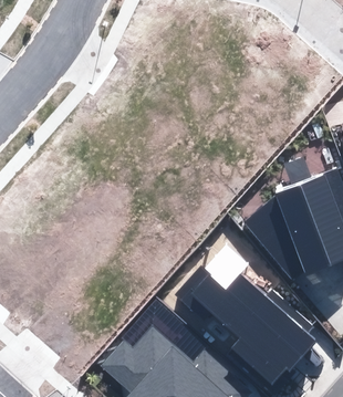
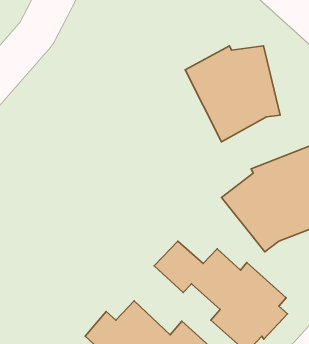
building: none -> [185,46,280,142]

